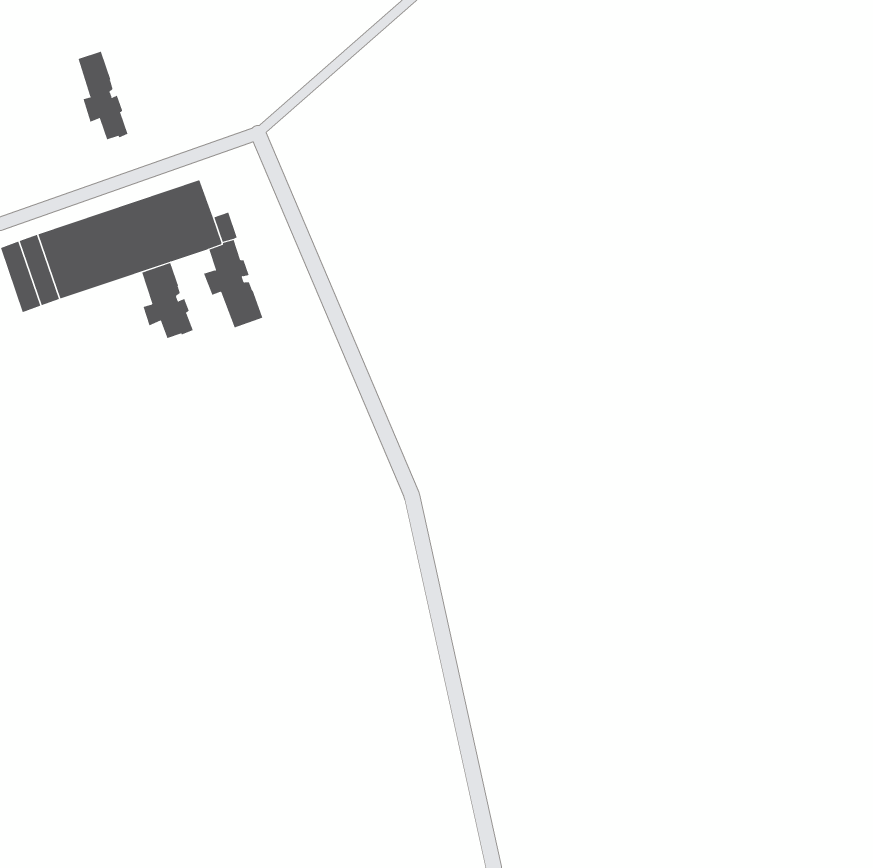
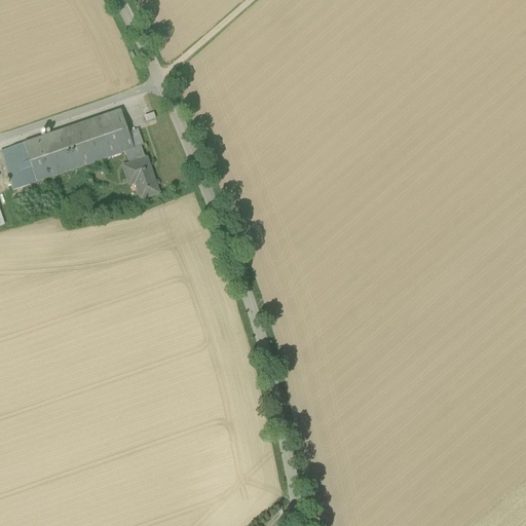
building: [78,51,128,140] -> none
building: [142,262,193,339] -> none

